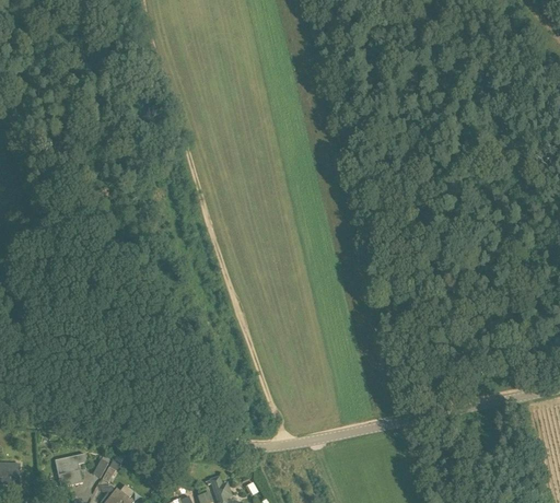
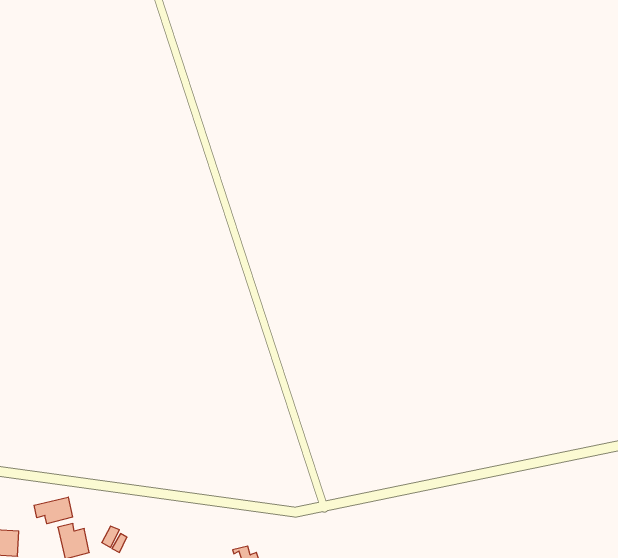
building: none -> [34,497,72,524]

